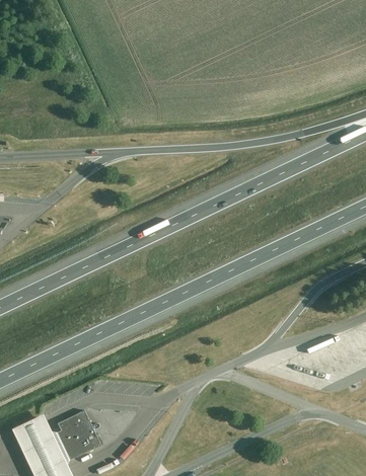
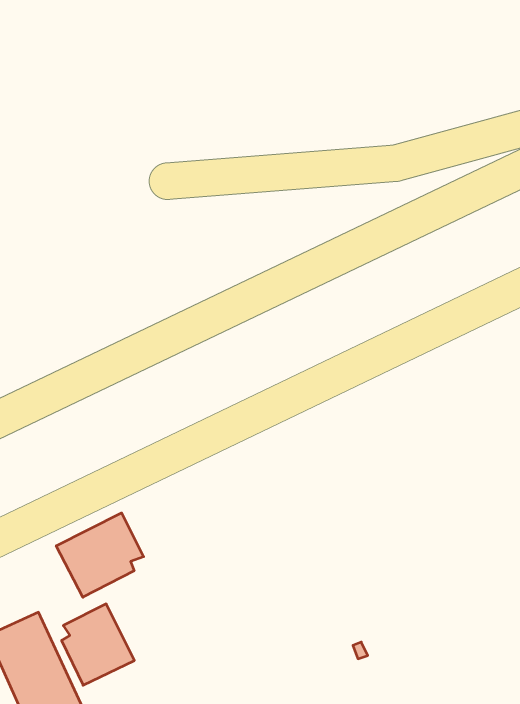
building: none -> [56,513,144,597]

